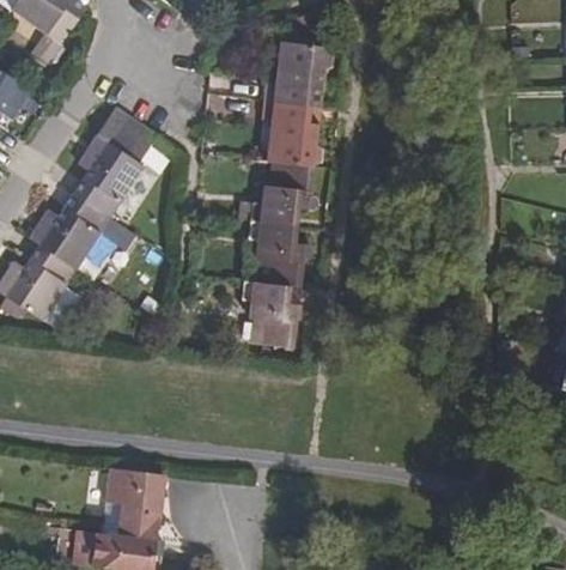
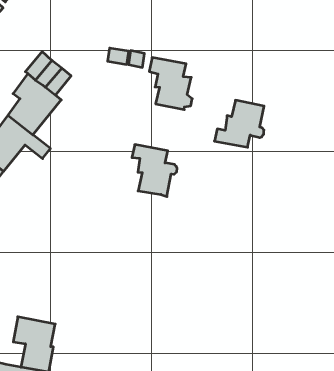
building: [263,43,333,107] -> none
building: [249,164,315,226] -> [214,100,264,147]
building: [239,281,303,347] -> none

